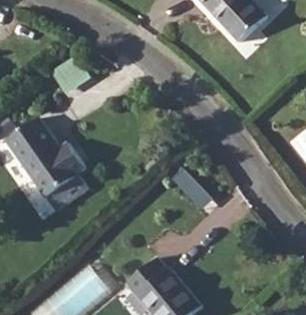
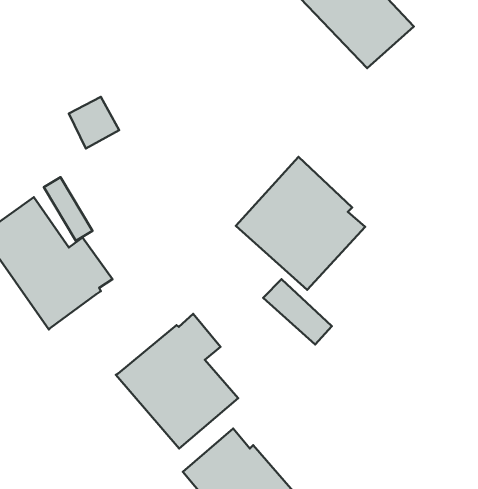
building: none -> [236,157,365,290]
building: none -> [116,314,238,448]

